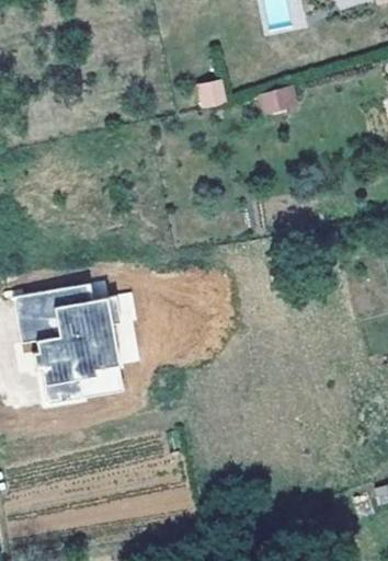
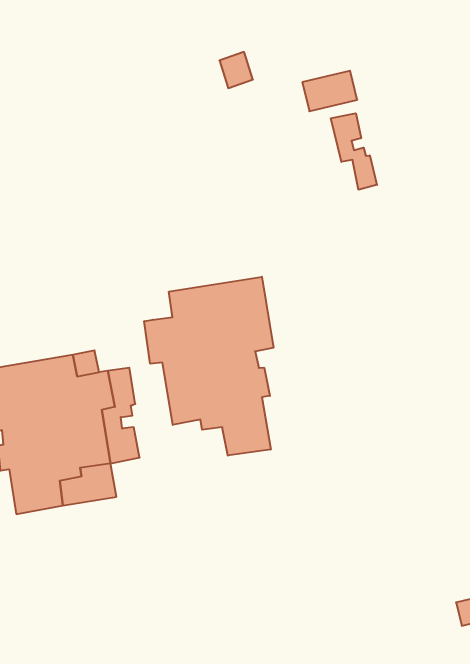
building: none -> [331,113,377,190]
building: none -> [144,277,273,456]

